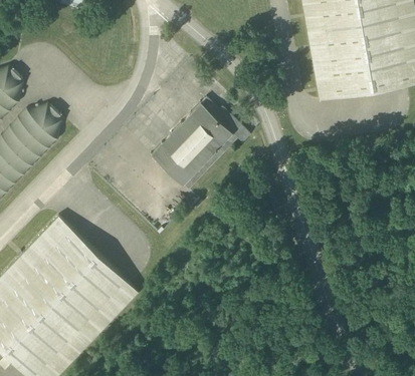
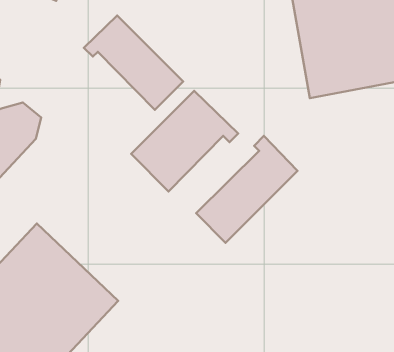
building: none -> [84,16,183,110]
building: none -> [196,136,298,243]

